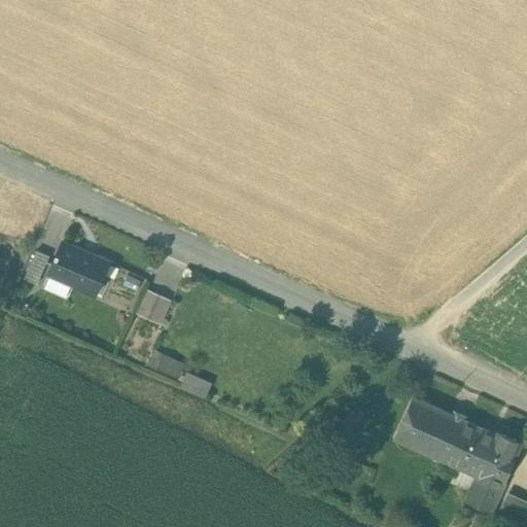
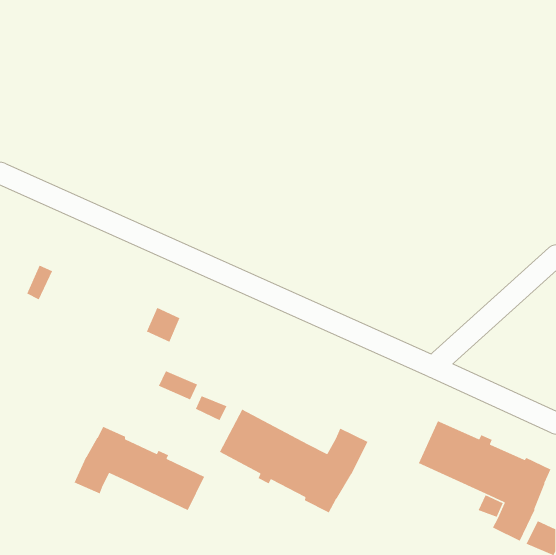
building: [48,243,110,297] -> none
building: none -> [219,409,369,513]
building: none -> [74,426,205,511]

